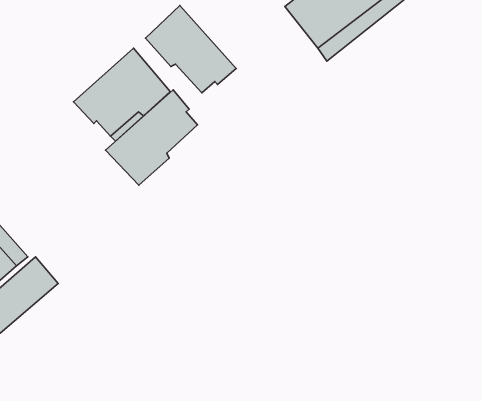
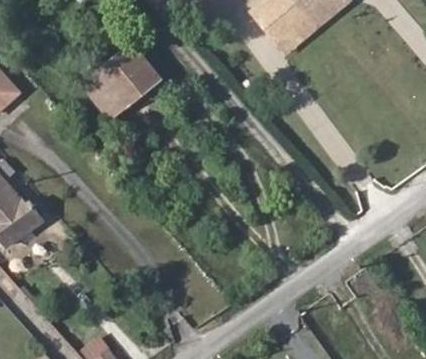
building: [146,6,236,93] -> none
building: [105,90,198,185] -> none

